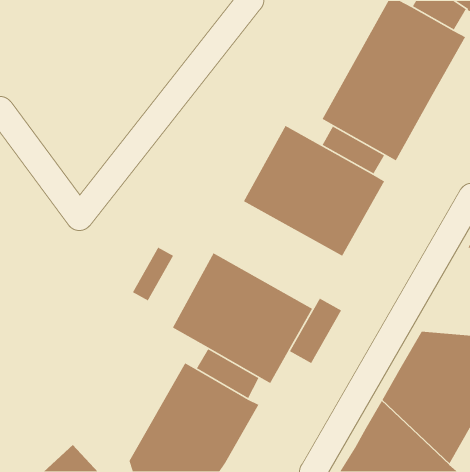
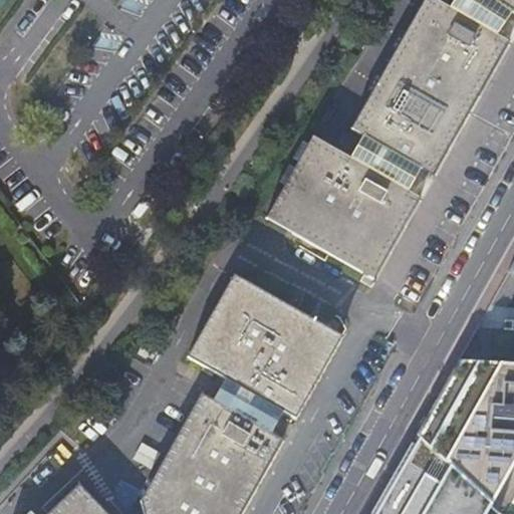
building: [132,247,174,301] -> none
building: [289,298,342,364] -> none

